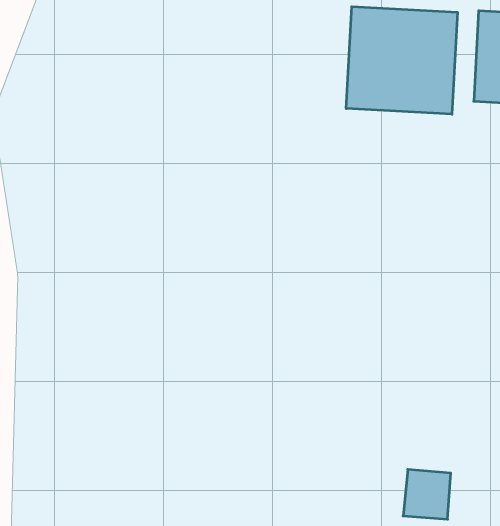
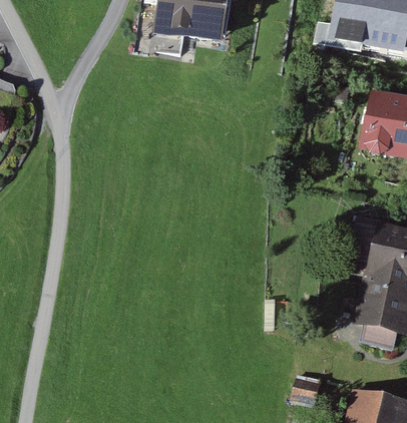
building: [346,7,457,114] -> none

